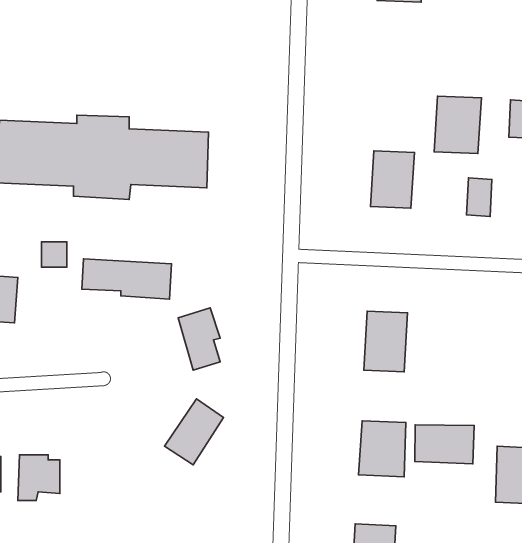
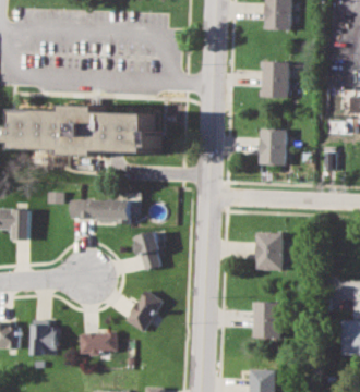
building: [434,96,481,154] -> [260,61,290,98]
building: [415,425,474,464] -> none
building: none -> [79,331,117,356]

